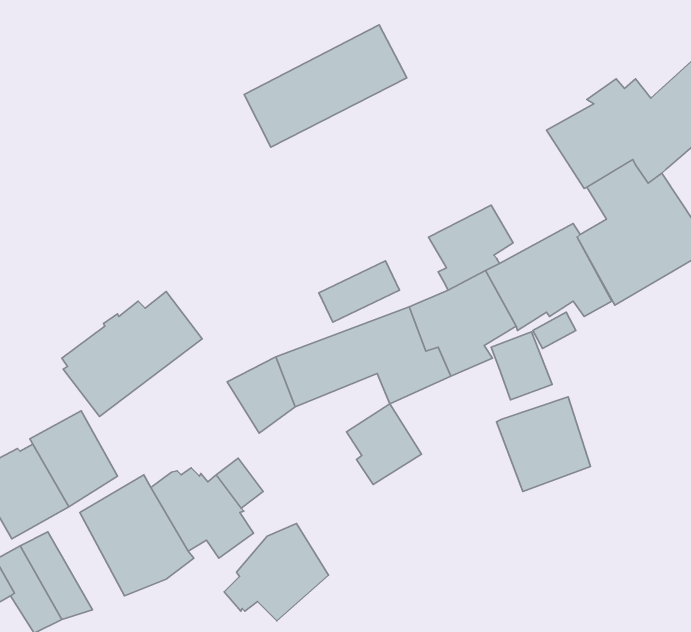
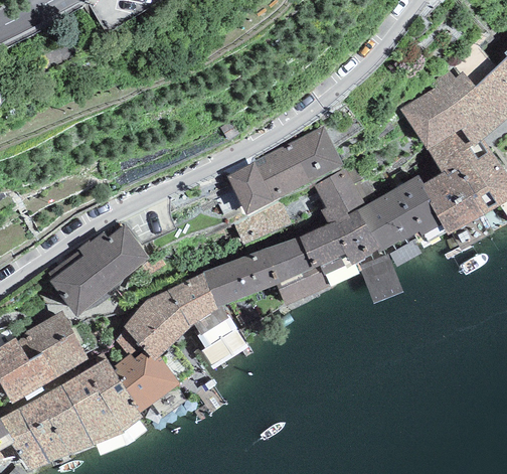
building: [244,25,407,147] -> [226,126,344,214]
building: [496,397,591,491] -> none
building: [347,404,422,485] -> [194,310,248,368]
building: none -> [38,384,94,455]
building: [224,524,328,621] -> [116,290,191,360]

